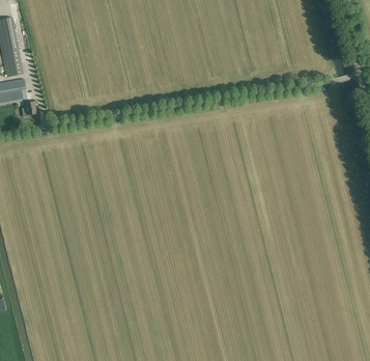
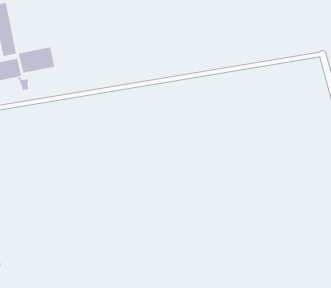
building: none -> [18,47,55,74]

